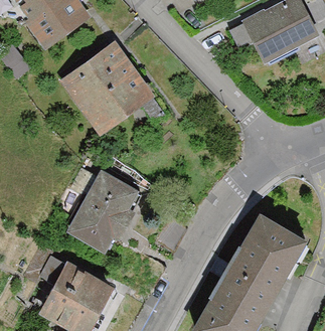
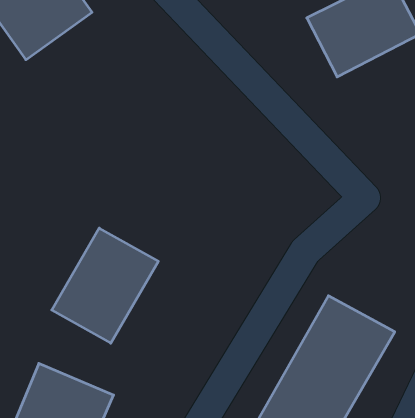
building: [62,37,155,130] -> none

